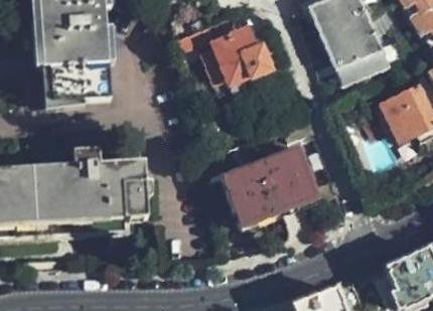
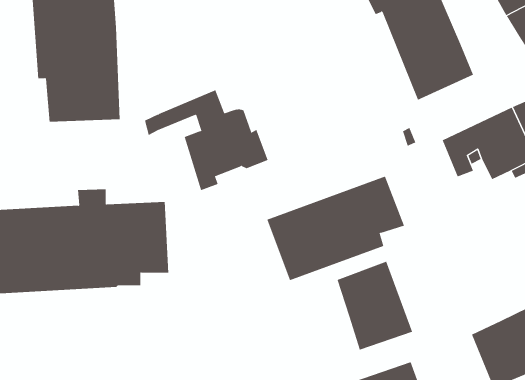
building: [174,12,272,92] -> [144,90,268,191]
building: none -> [337,261,413,350]

